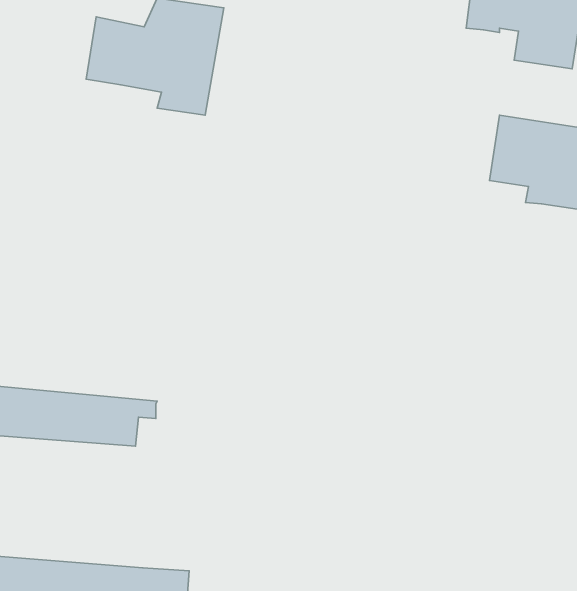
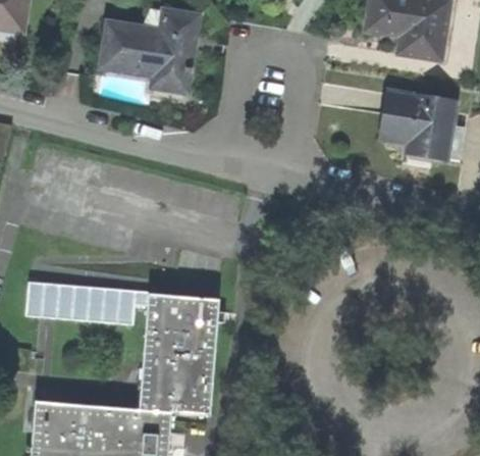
building: none -> [139,294,219,415]

